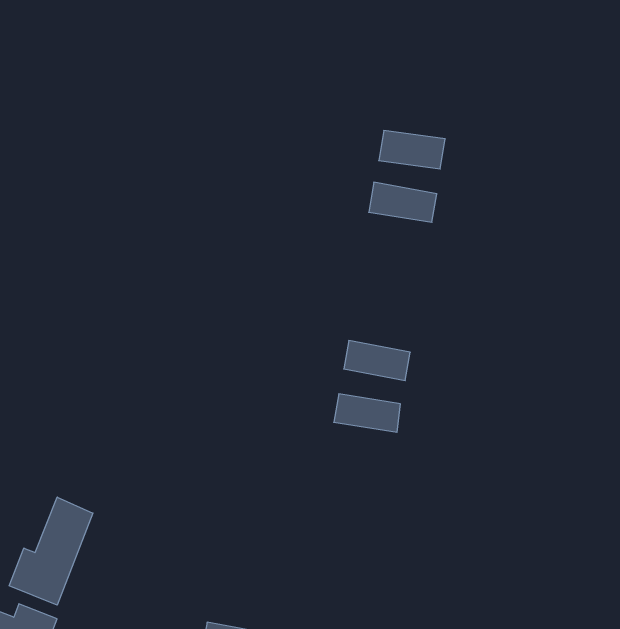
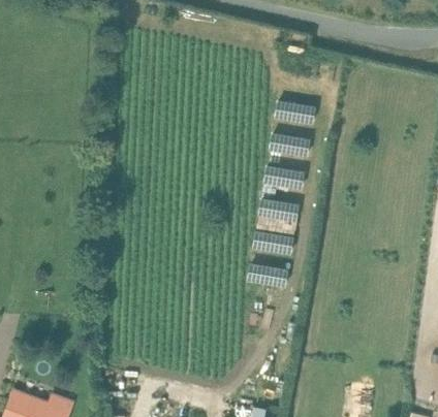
building: none -> [263,165,304,189]
building: none -> [257,198,299,222]
building: [9,497,93,605] -> none

